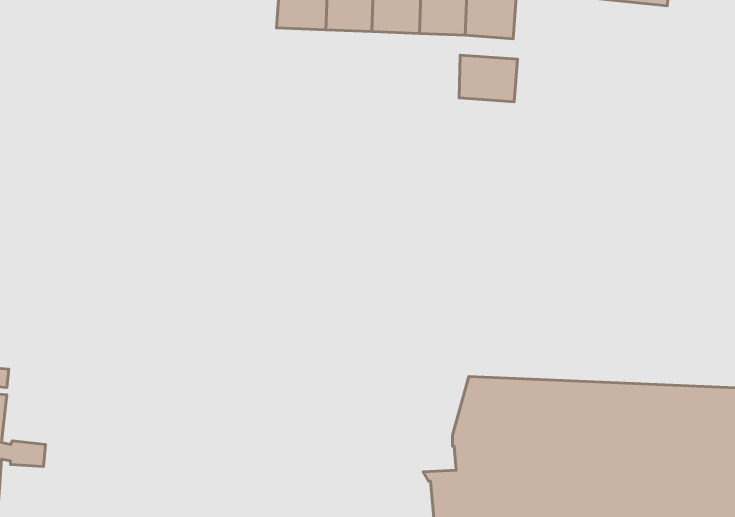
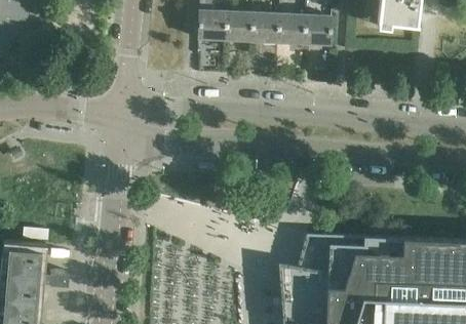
building: [459,55,517,102] -> none

